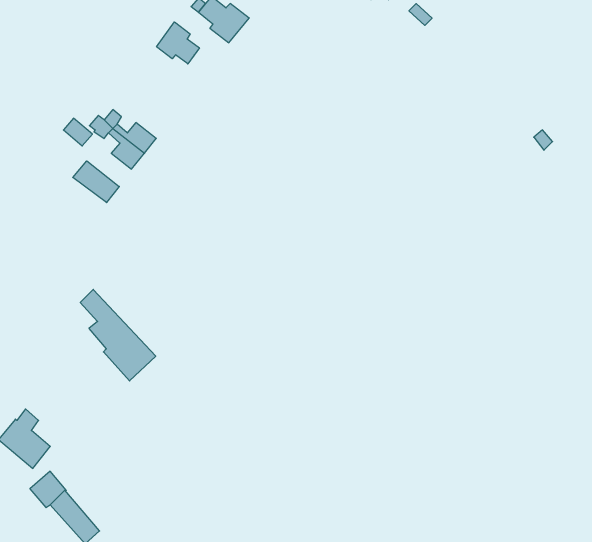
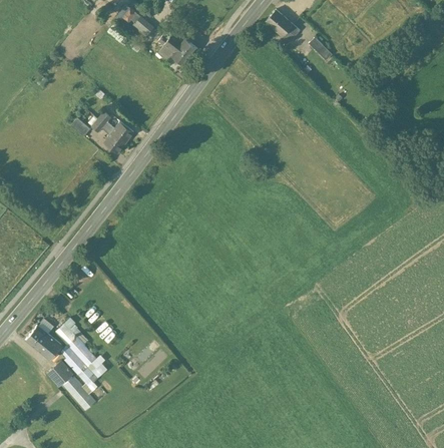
building: [157,22,199,64] -> none
building: [73,161,119,203] -> none
building: [80,289,156,381] -> [55,323,107,386]

